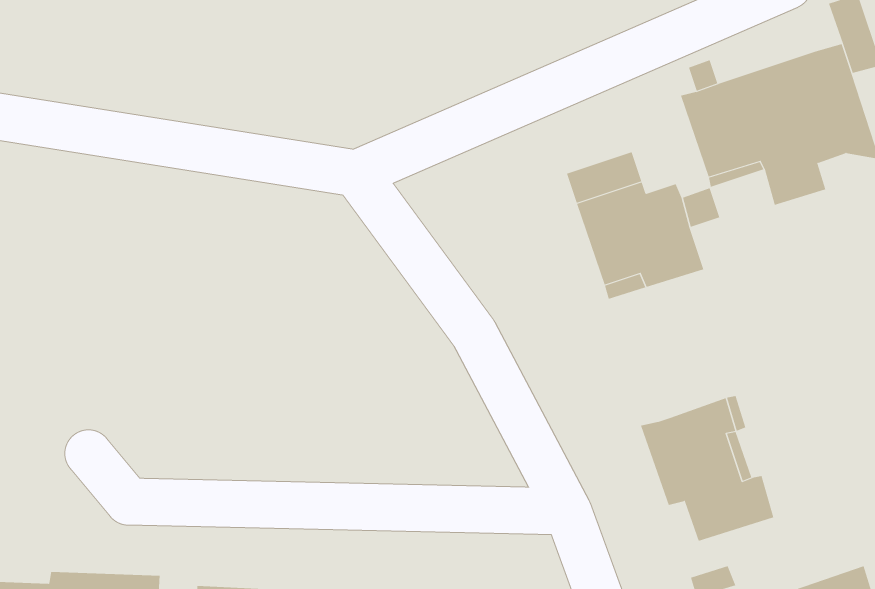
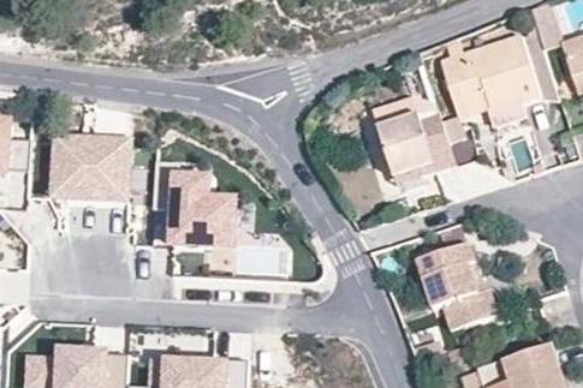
building: none -> [48,133,126,197]
building: none -> [165,167,234,241]

